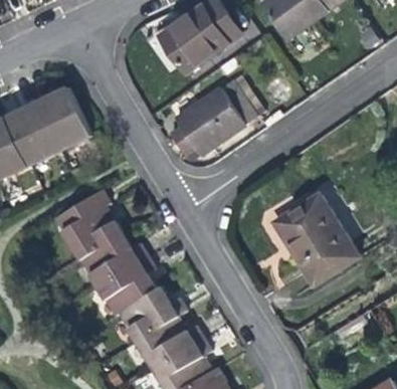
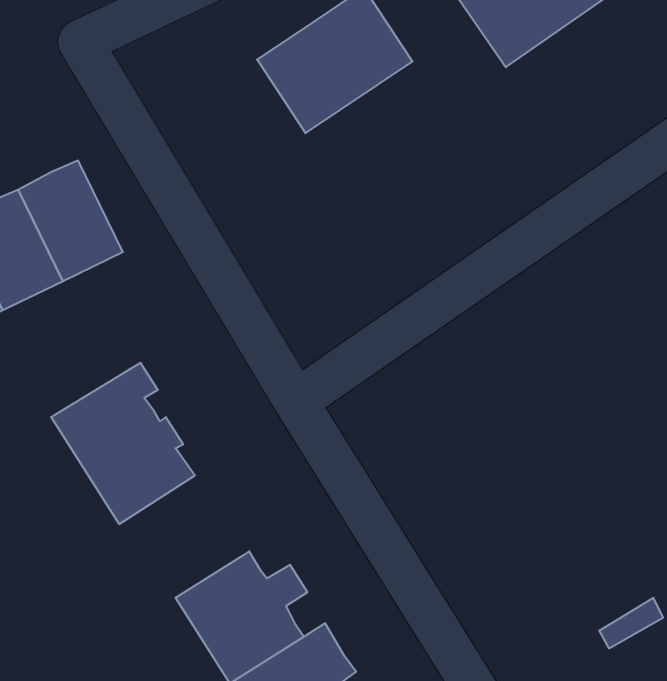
building: [178,78,260,153] -> none
building: [283,194,360,282] -> none
building: [88,242,154,314] -> none

